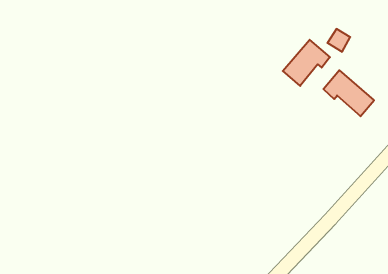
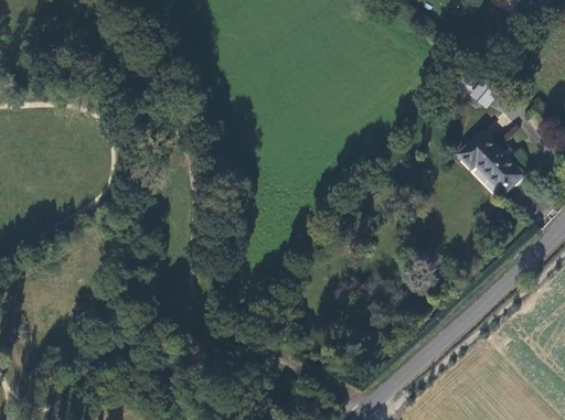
building: [283,40,330,86] -> none

